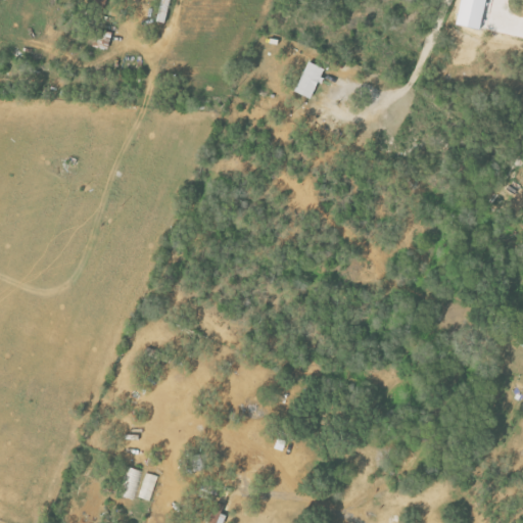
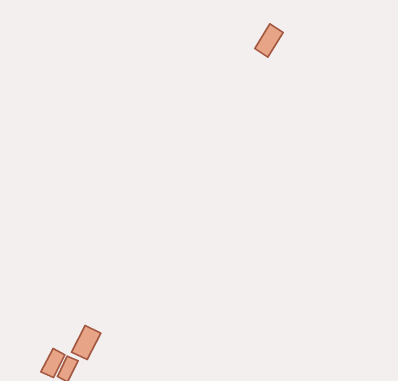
building: none -> [71,325,101,360]

